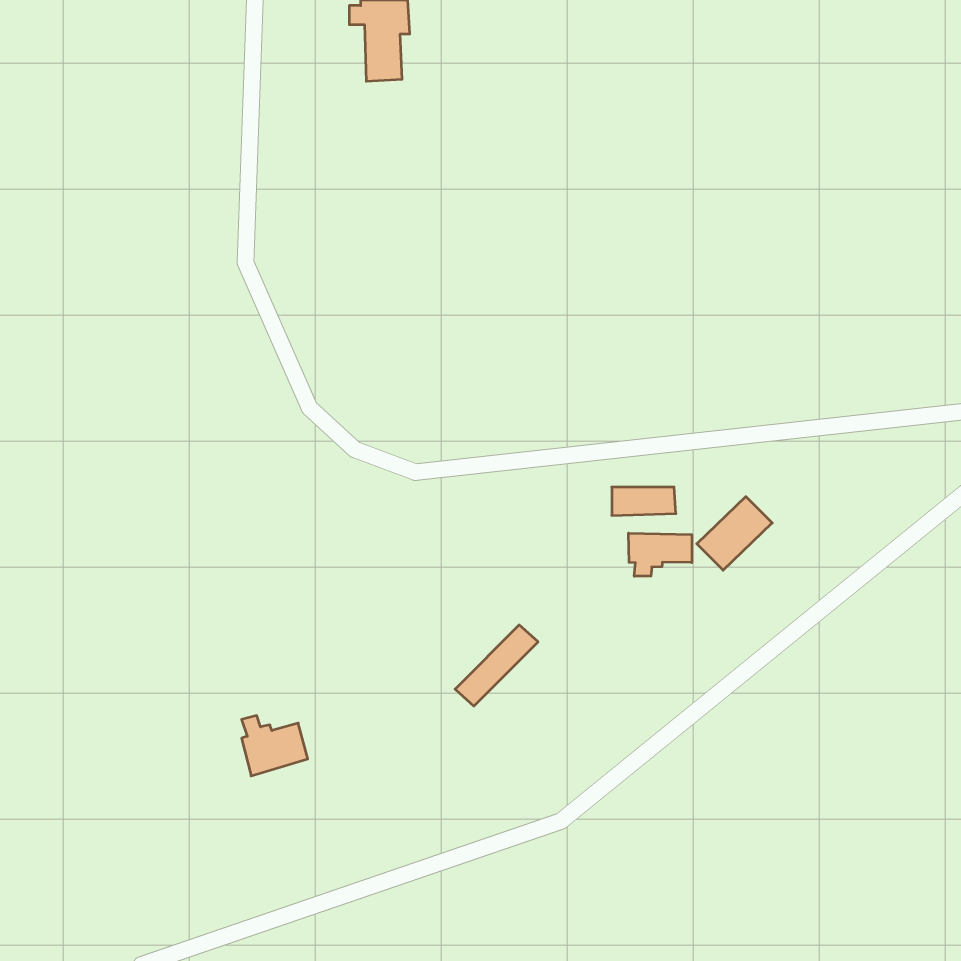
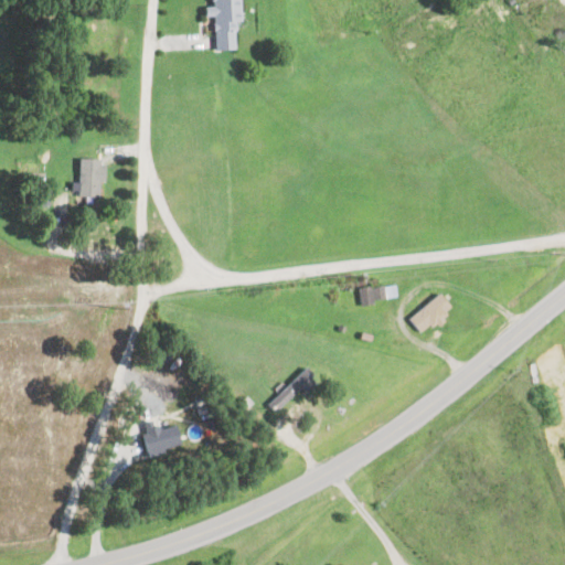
building: none -> [79,160,105,204]
building: [629,533,692,576] -> none

